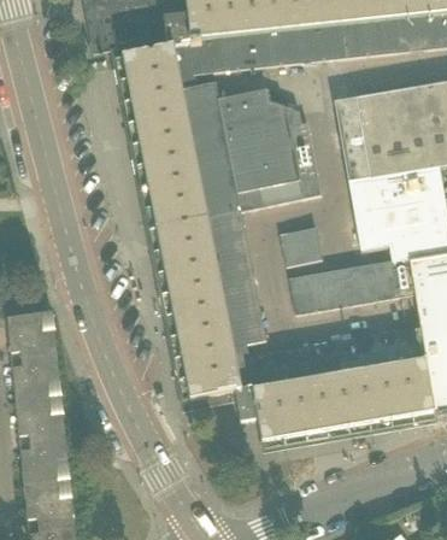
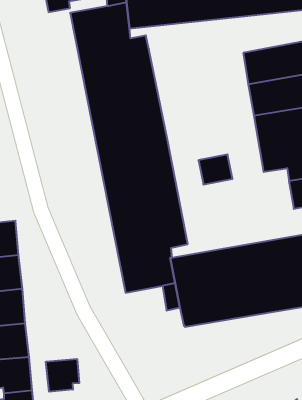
building: [218,88,322,210] -> none
building: [288,259,398,313] -> none
building: none -> [46,359,79,392]

